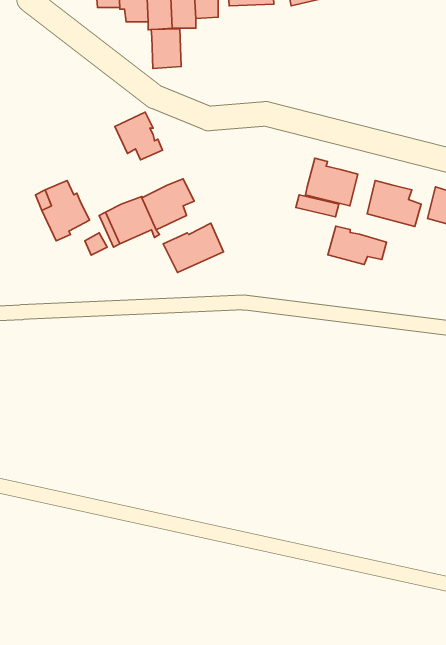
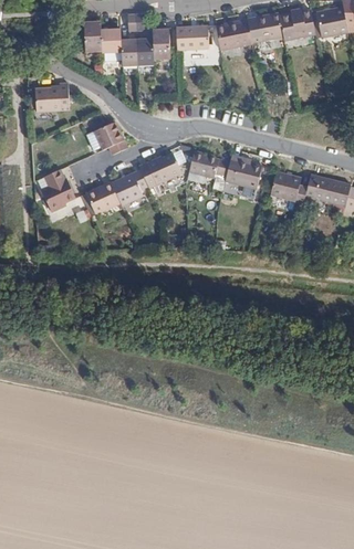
building: [151,29,181,69] -> none
building: none -> [39,84,73,114]
building: [163,223,224,272] -> [143,154,185,188]
building: [328,226,387,264] -> [192,152,233,179]

